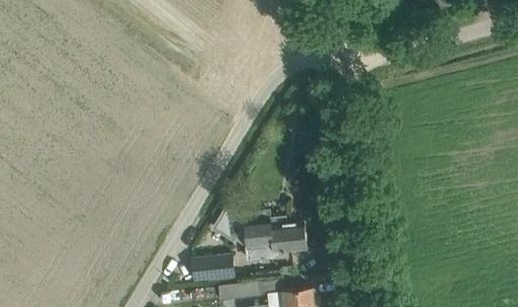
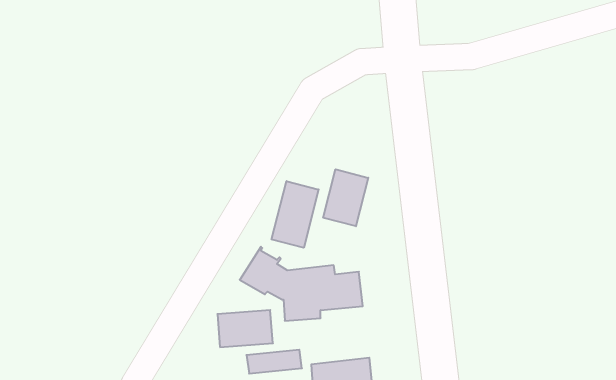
building: none -> [323,169,368,226]
building: none -> [272,181,319,248]

